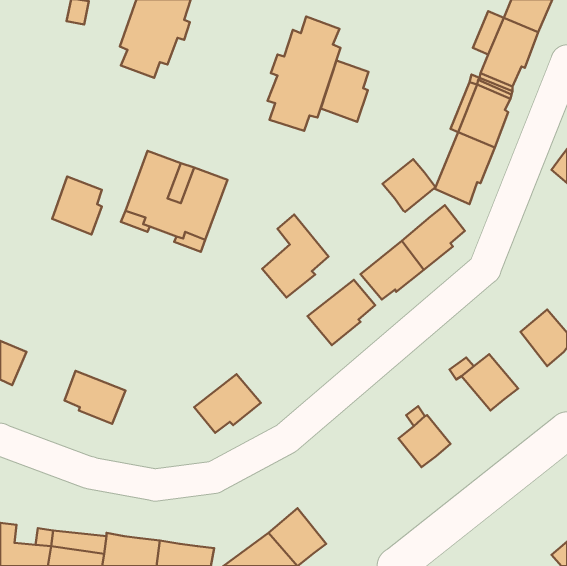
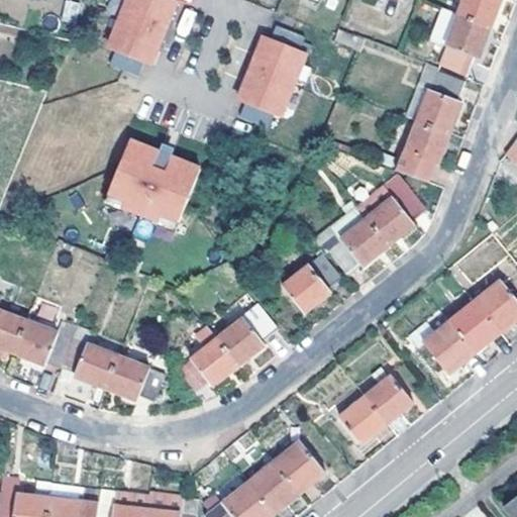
building: [321,61,368,122] -> none
building: [382,159,436,212] -> none
building: [52,177,102,234] -> none
building: [262,214,329,298] -> [215,291,276,367]
building: none -> [445,302,498,353]
building: none -> [11,320,69,365]
building: none -> [102,355,163,400]
building: none -> [337,399,384,445]
building: none -> [271,442,322,495]

